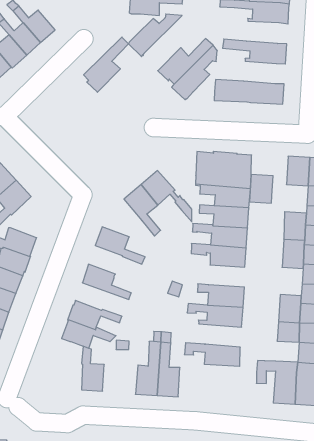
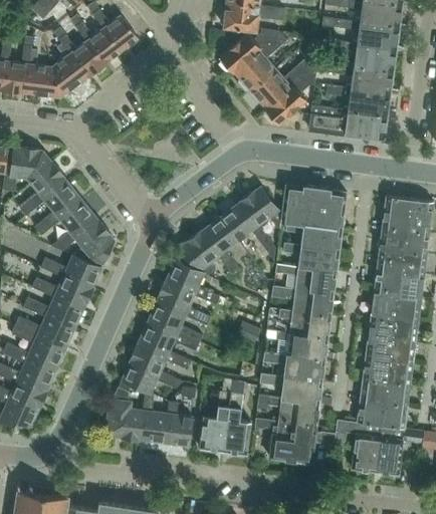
building: none -> [336,41,396,71]
building: [84,37,129,92] -> [234,32,286,91]
building: none -> [325,85,390,115]
building: none -> [240,186,282,226]
building: [249,175,273,203] -> [378,227,406,260]
building: none -> [73,220,114,267]
building: none -> [178,230,219,275]
building: none -> [157,279,211,325]
building: none -> [278,309,330,337]
building: none -> [367,318,394,351]
building: none -> [140,320,199,352]
building: none -> [260,372,321,404]
building: none -> [105,380,143,440]
building: none -> [357,400,384,425]
building: none -> [163,401,193,446]
building: none -> [255,418,335,463]

